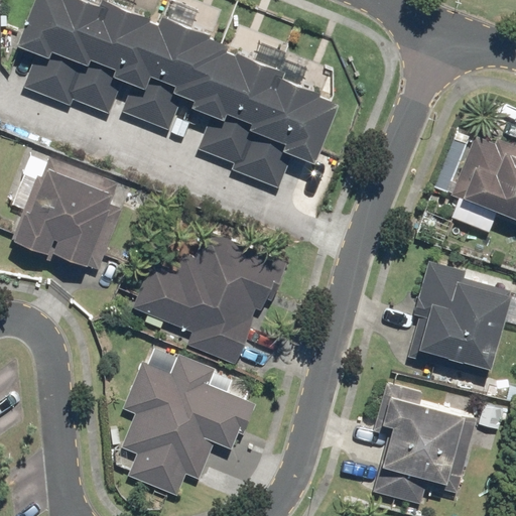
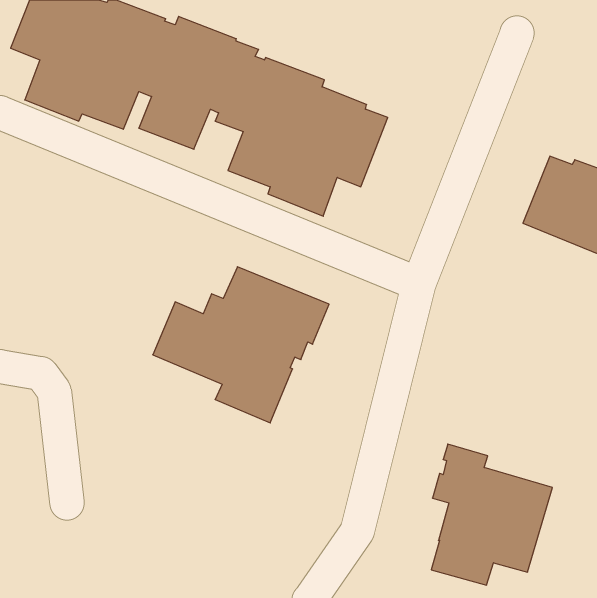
building: [10,156,117,265] -> none
building: [408,261,511,378] -> none
building: [122,355,255,496] -> none

